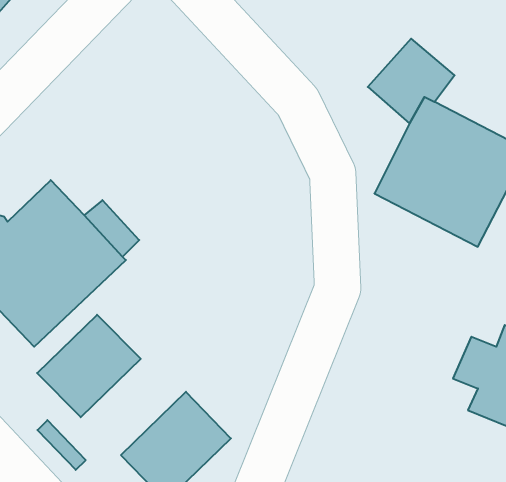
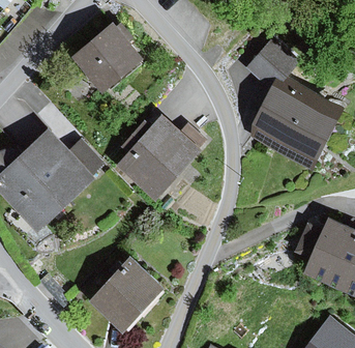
building: none -> [78,23,141,85]
building: none -> [117,113,206,198]
building: [37,315,141,417] -> none

